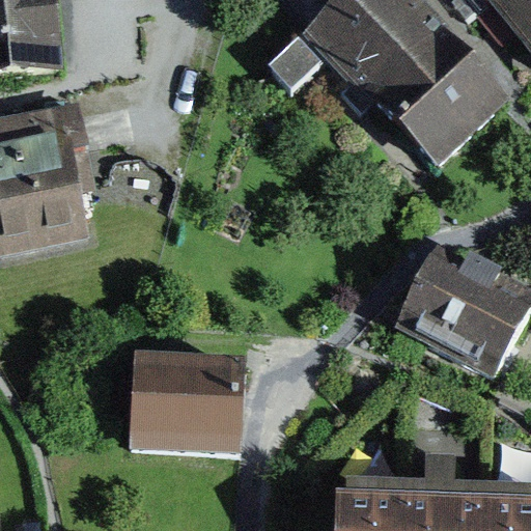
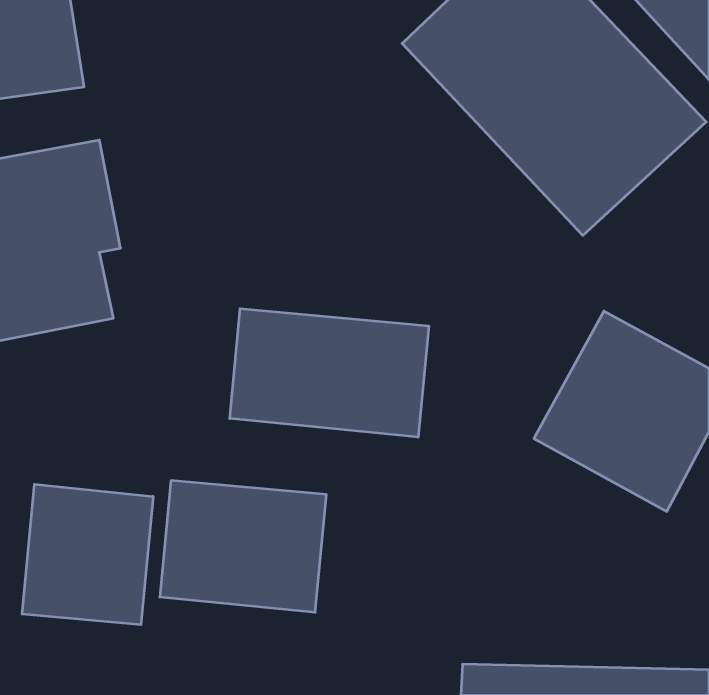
building: none -> [230,309,429,437]
building: none -> [22,484,153,625]

